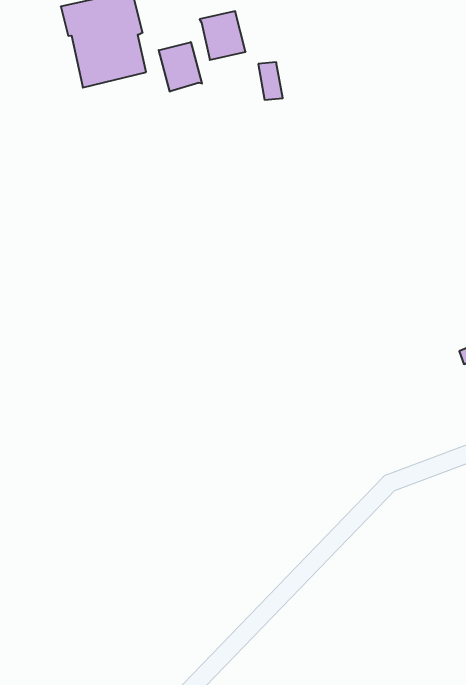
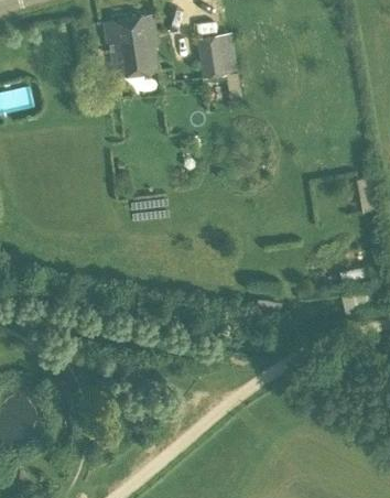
building: [159,42,202,92] -> none

